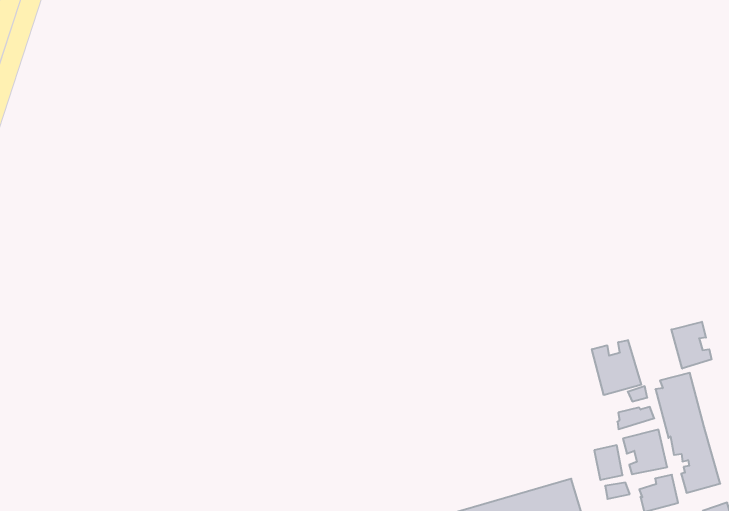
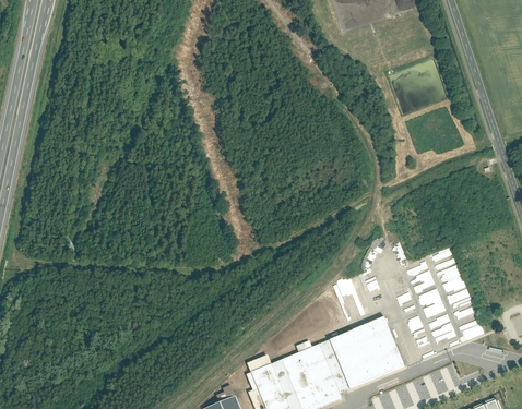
building: [671,322,712,369] -> none
building: [592,340,641,395] -> none

